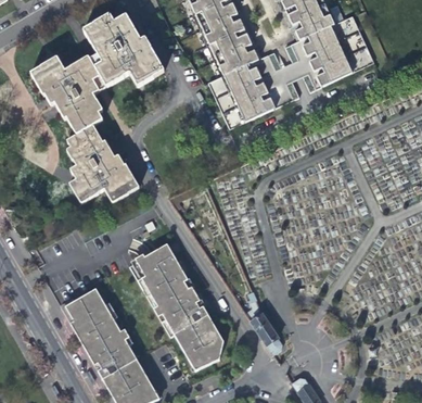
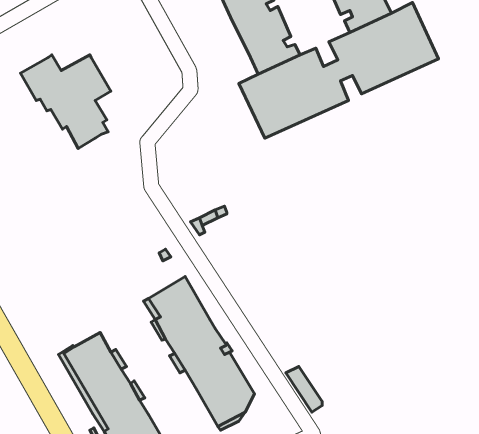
building: [81,15,161,87] -> none
building: [66,126,138,203] -> none

